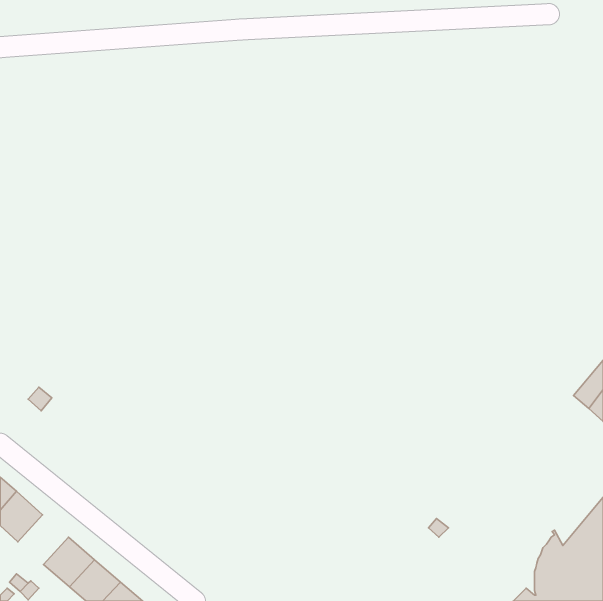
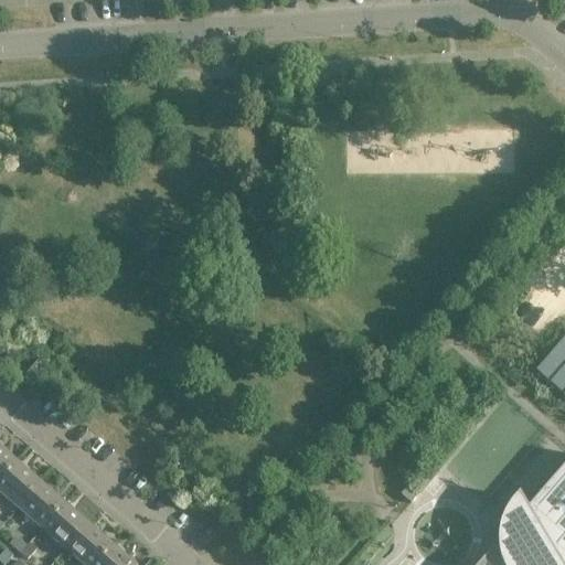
building: none -> [17,481,64,527]

